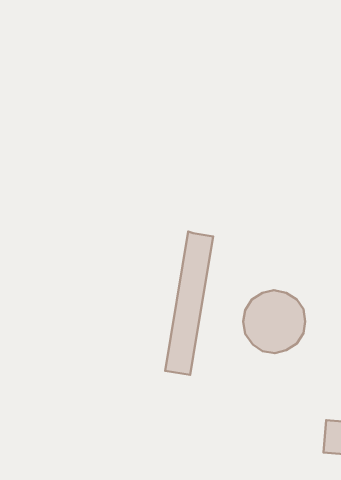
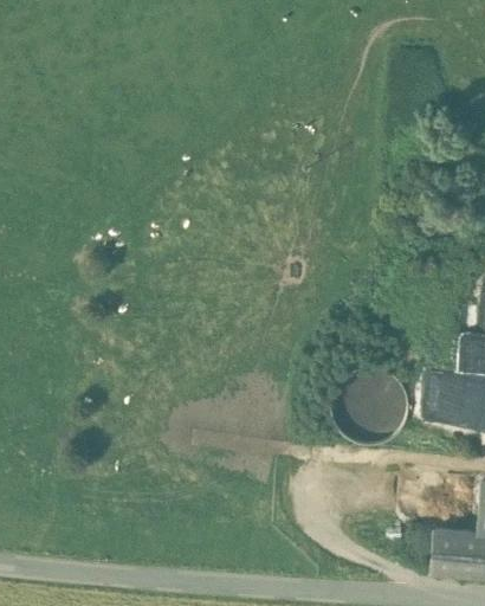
building: [165,232,213,375] -> none

